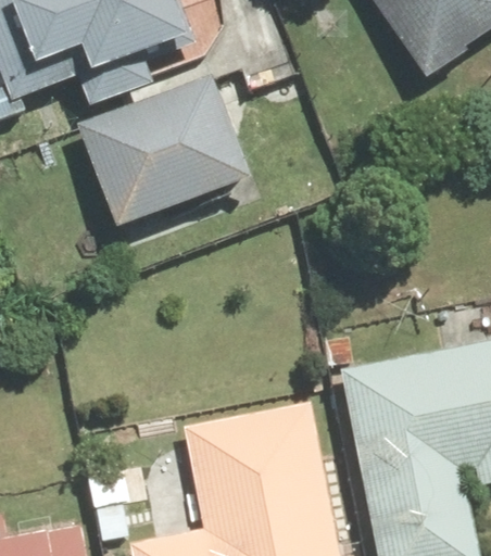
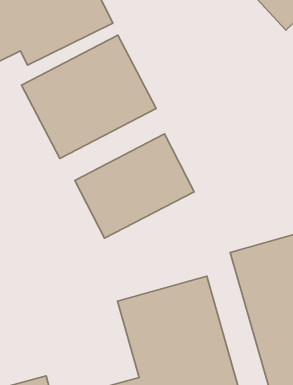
building: none -> [75,134,194,238]

